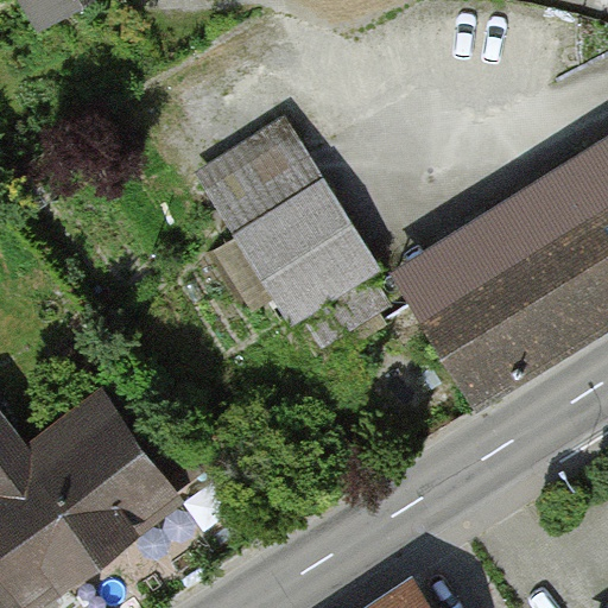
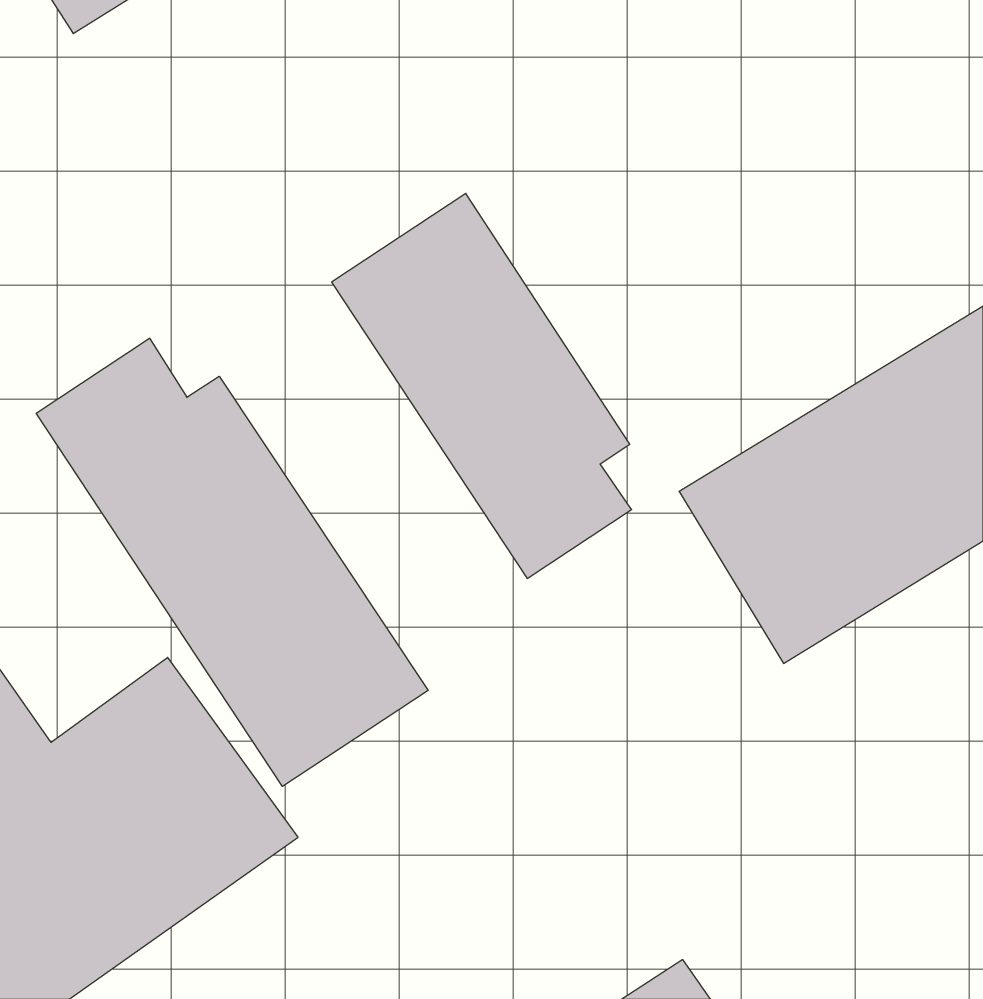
building: none -> [36,338,428,786]

